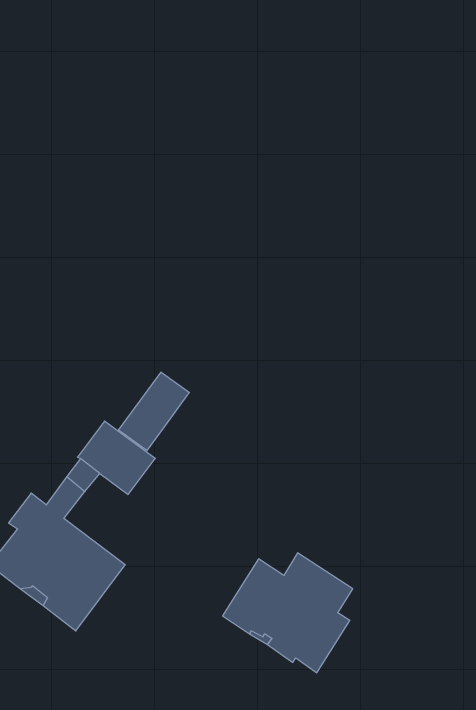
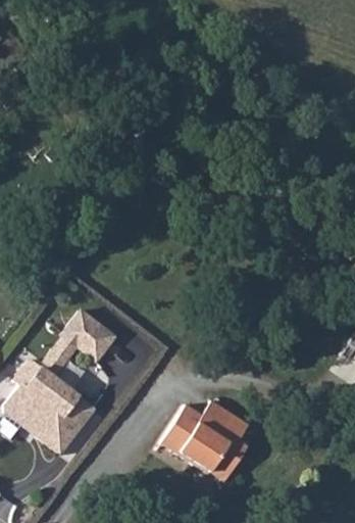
building: [118,372,189,451] -> none

